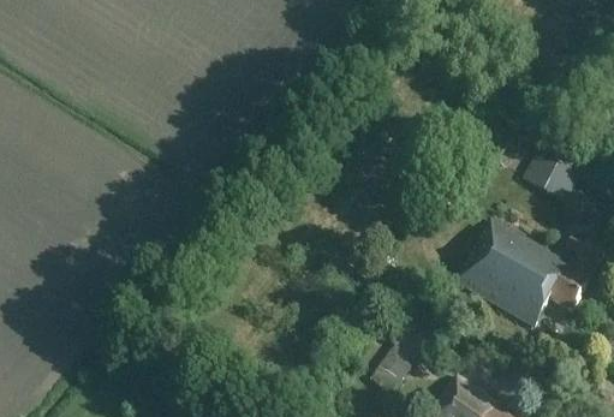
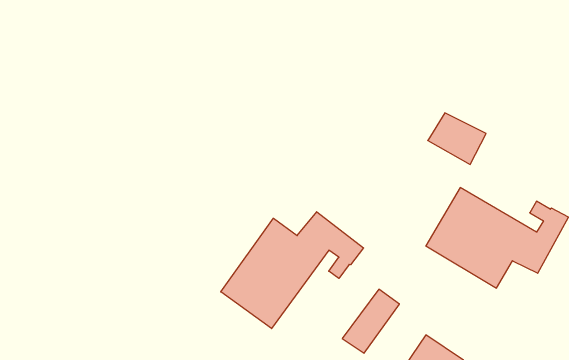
building: [523,148,584,202] -> [428,113,486,164]
building: none -> [221,212,364,329]

